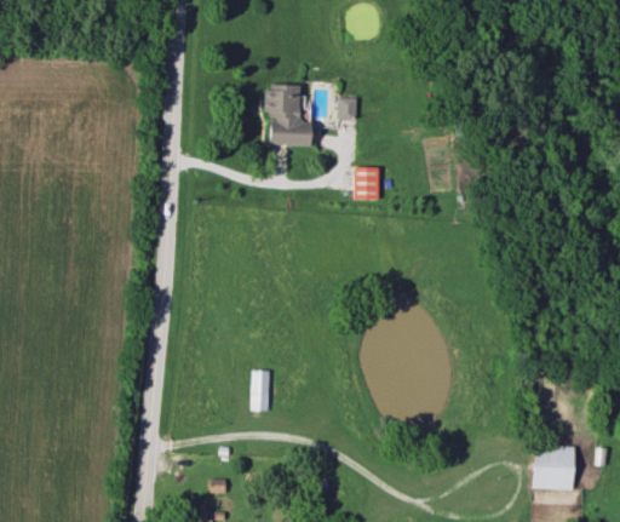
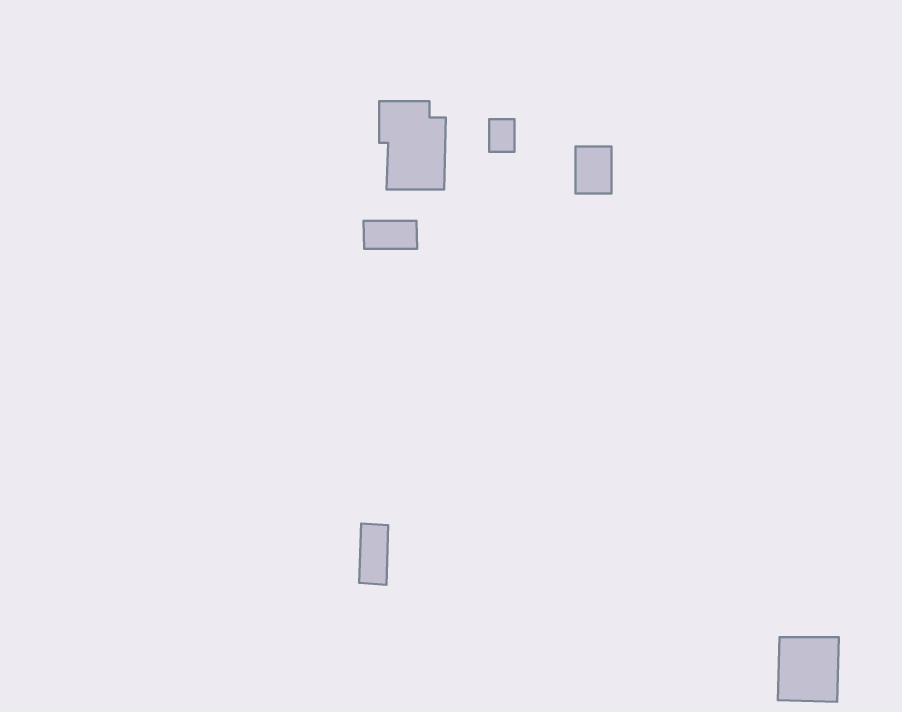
building: none -> [363,221,417,249]
building: [354,167,378,199] -> [575,147,612,194]

